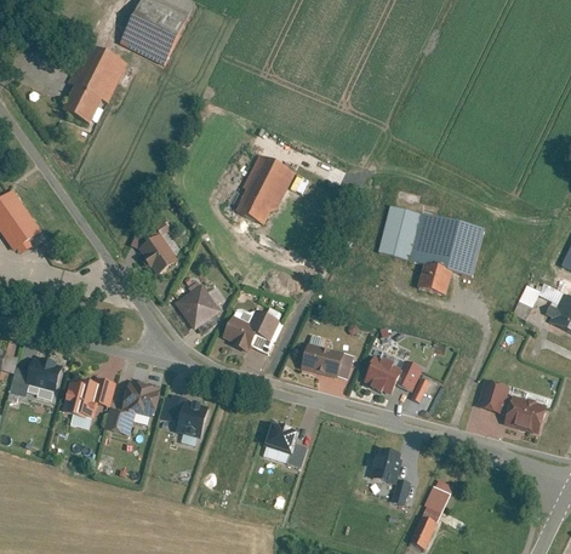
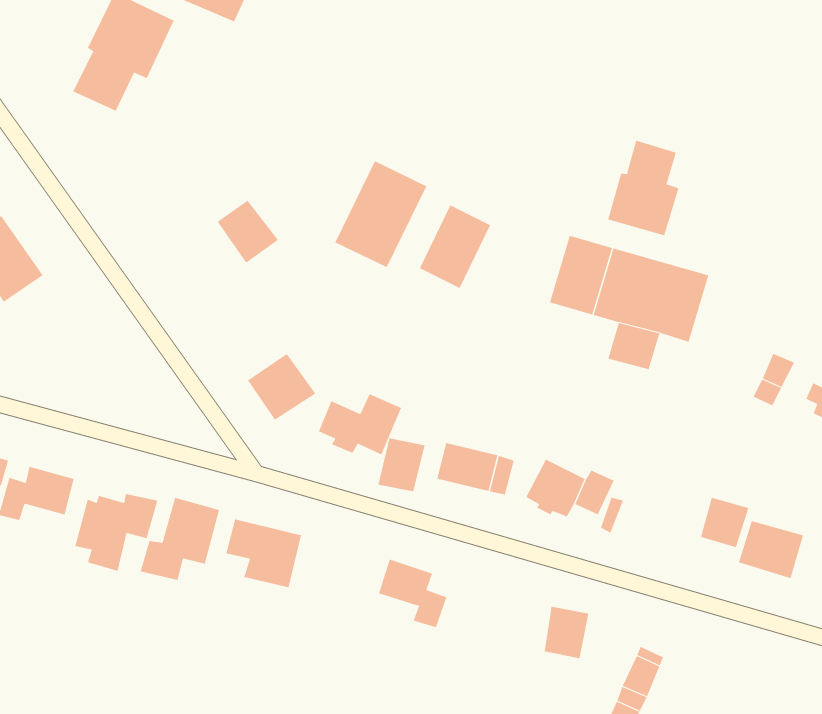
building: none -> [608,140,679,236]
building: none -> [419,205,491,289]
building: [139,234,181,276] -> [217,200,279,264]
building: none -> [378,438,425,492]

